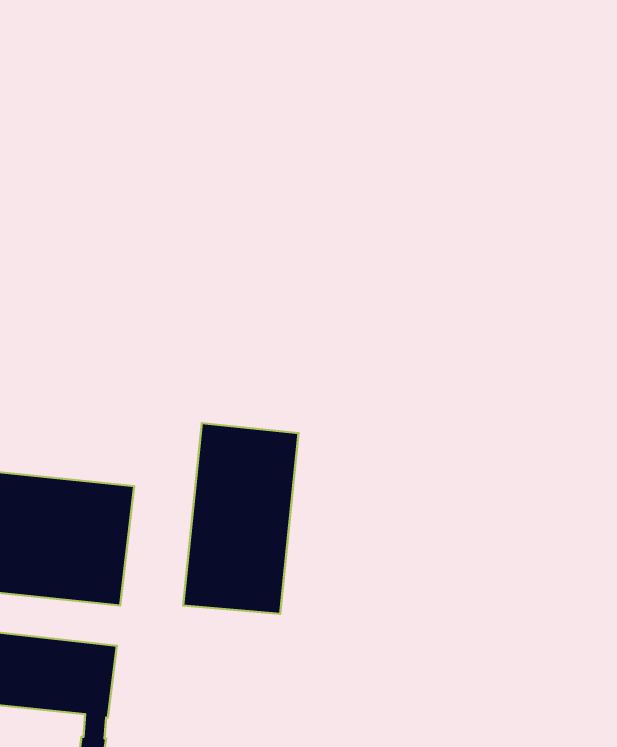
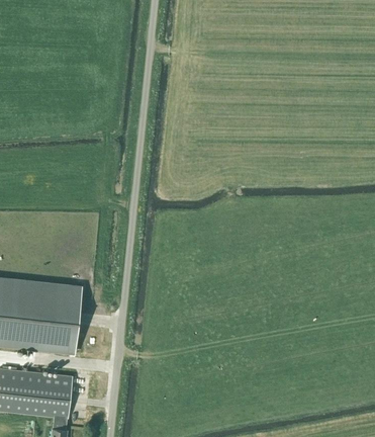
building: [183,423,299,614] -> none

